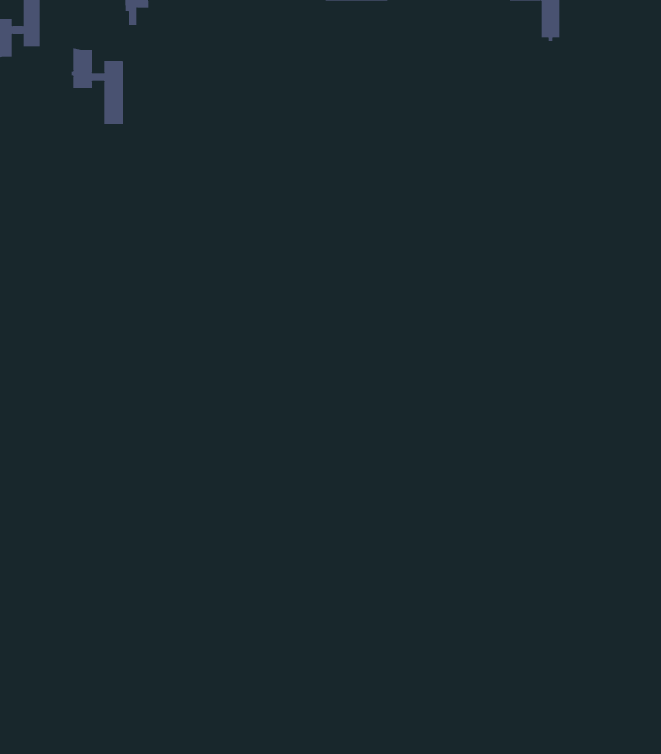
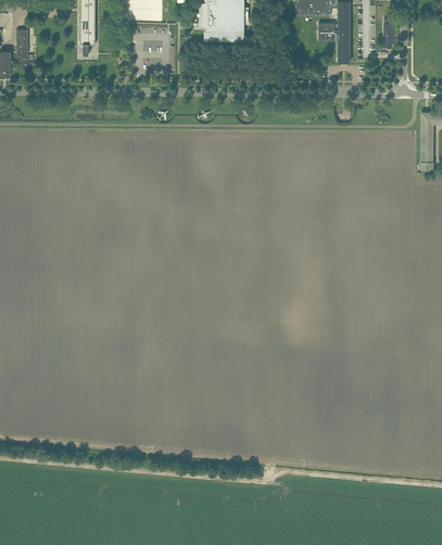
building: [71,47,123,125] -> none

